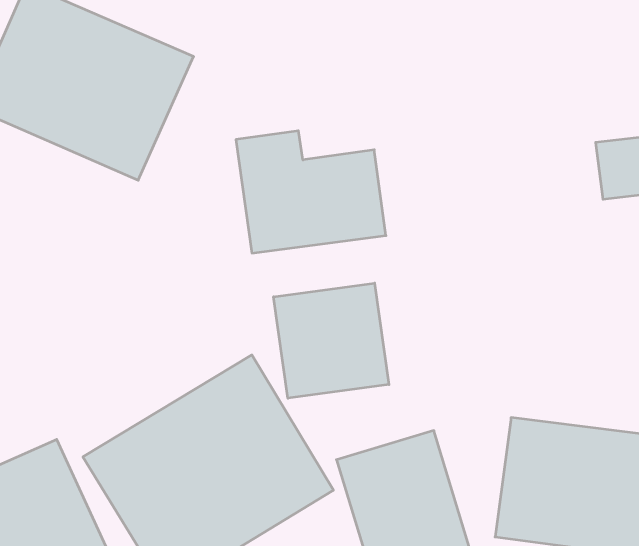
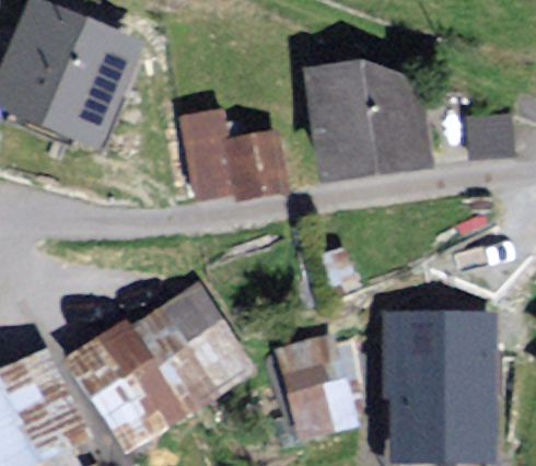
building: none -> [288,57,427,190]
building: [274,283,389,398] -> none

